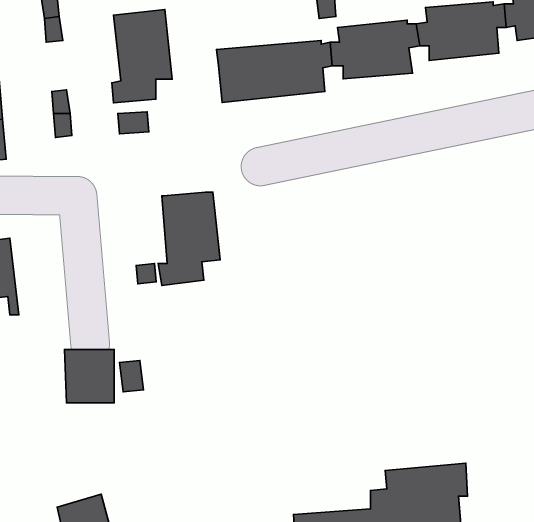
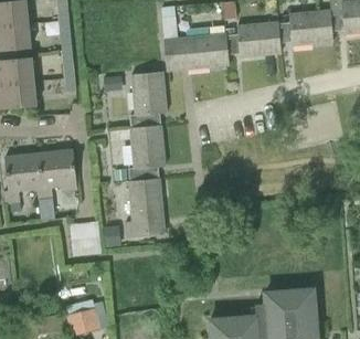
building: [112,10,172,103] -> [129,71,166,127]
building: none -> [38,149,76,199]
building: none -> [125,178,163,235]

